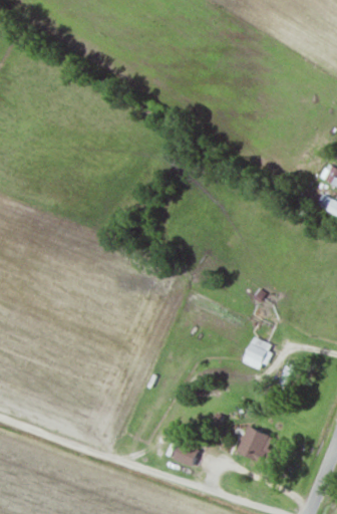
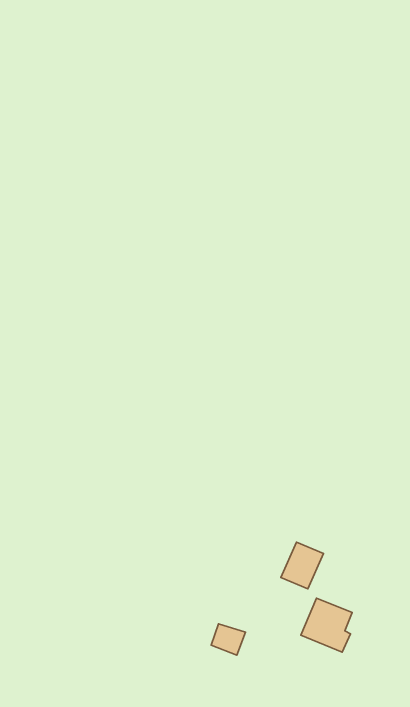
building: [242,336,272,369] -> [281,542,324,589]

